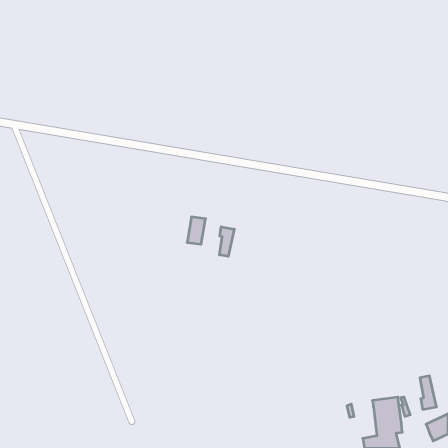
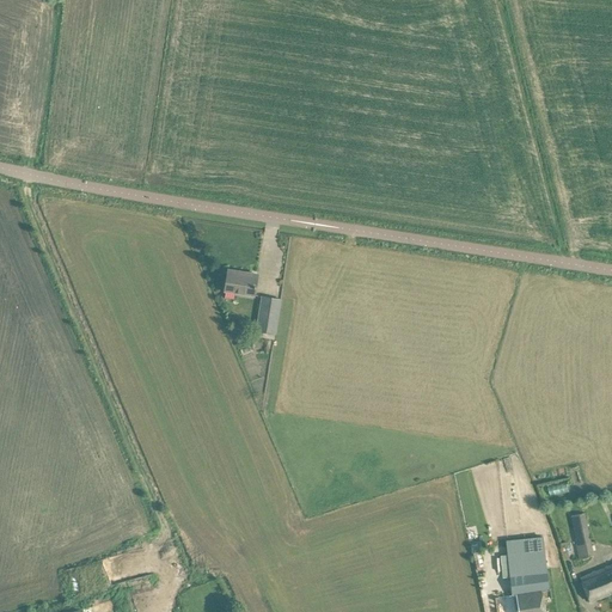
building: none -> [225,269,256,294]
building: [219,227,234,256] -> none

